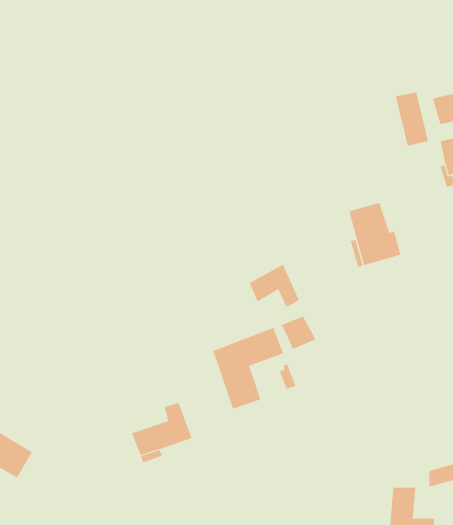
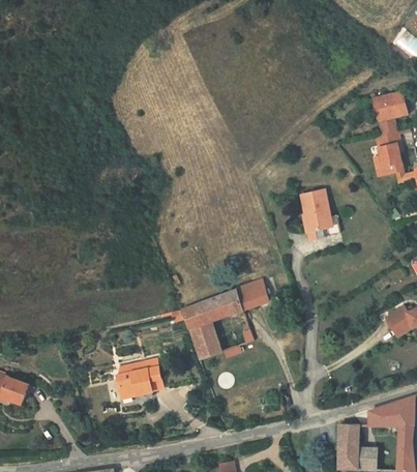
building: [395,92,428,147] -> none
building: [249,264,300,308] -> none

